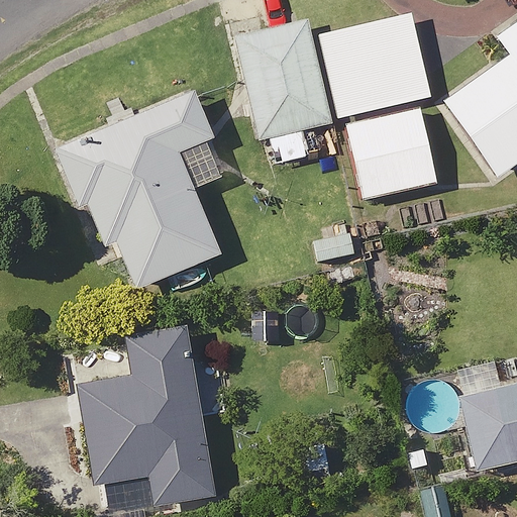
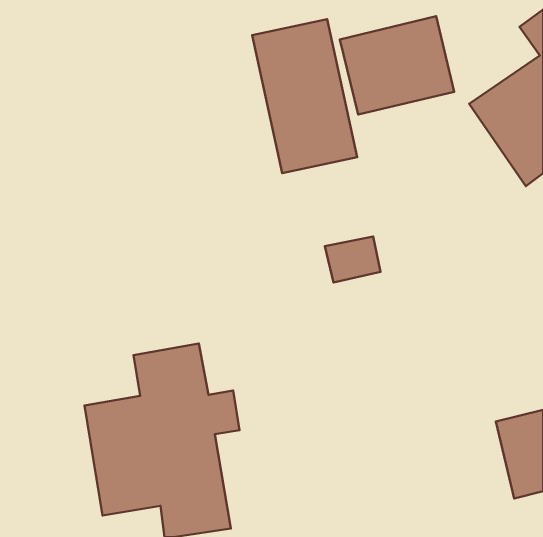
building: [56,90,221,288] -> none
building: [346,105,434,196] -> none

